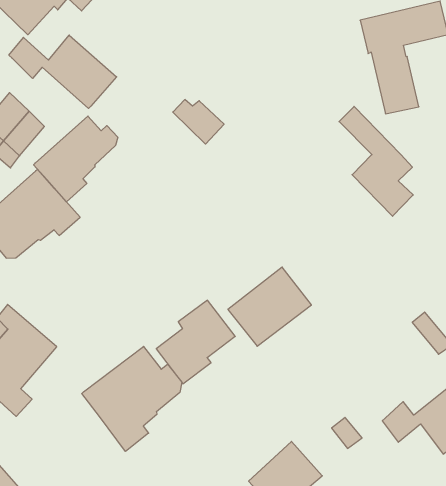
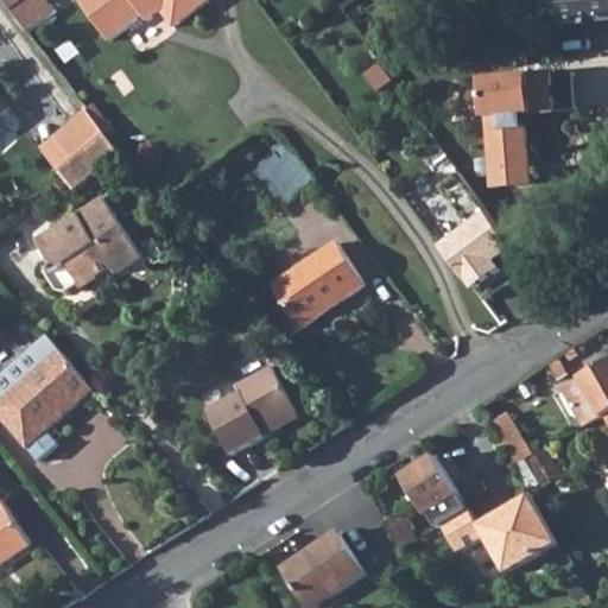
building: [9,35,117,108] -> none
building: [34,116,118,202] -> none
building: [228,267,311,346] -> [270,236,362,319]
building: [82,346,182,451] -> none
building: none -> [401,456,464,526]

